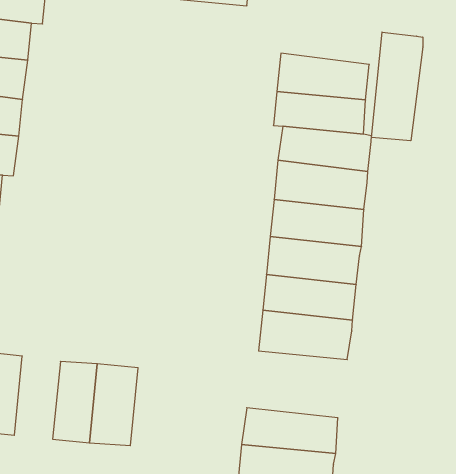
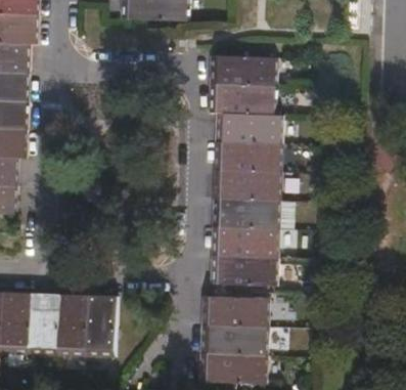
building: [371,32,423,141] -> none
building: none -> [36,293,66,353]
building: none -> [208,293,277,323]

